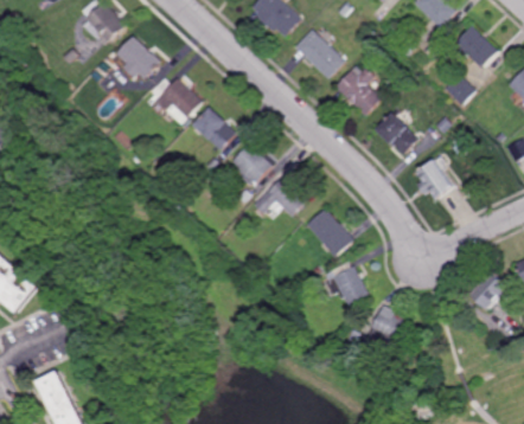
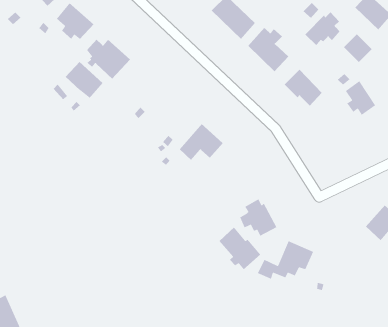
building: none -> [305,11,341,46]
building: [192,109,236,152] -> [65,61,103,99]
building: [234,144,270,186] -> none
building: [415,156,450,197] -> [345,80,376,116]
building: [306,207,354,257] -> [219,226,261,270]

